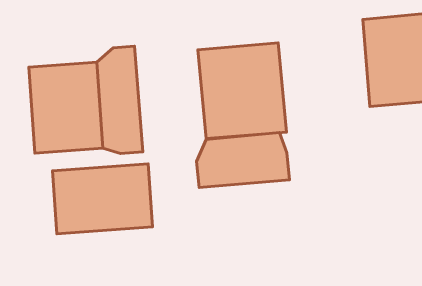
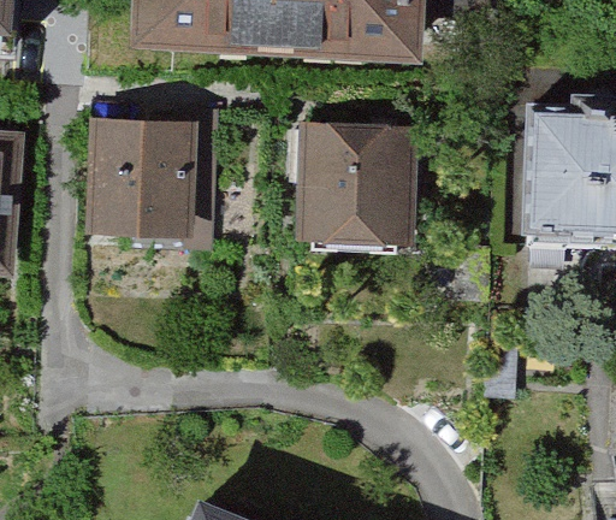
building: [197,133,289,187] -> none
building: [53,164,152,234] -> none

